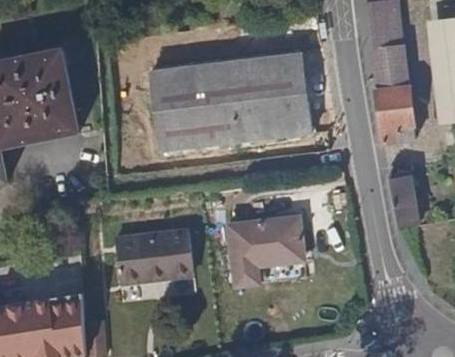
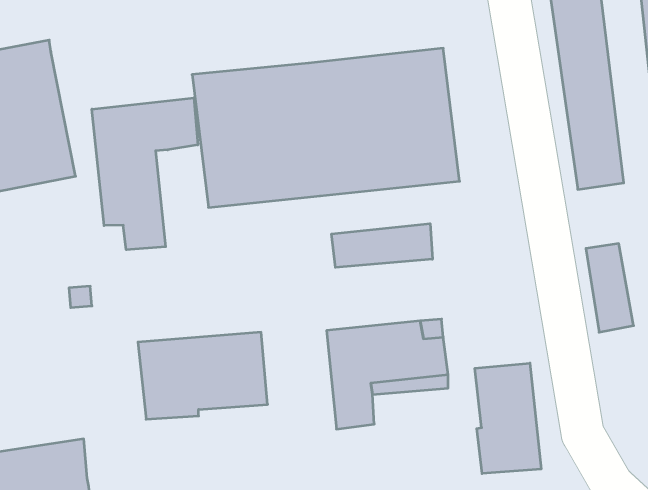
building: none -> [92,98,198,250]
building: none -> [332,224,432,267]
building: none -> [475,363,541,474]

